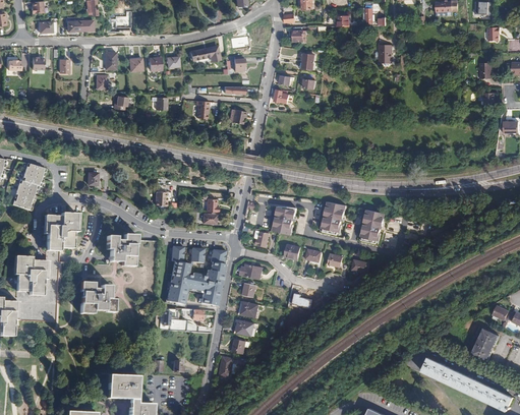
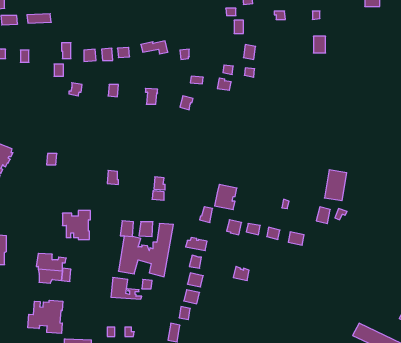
building: [320,200,344,233] -> none
building: [359,209,384,242] -> [324,170,347,201]
building: [45,216,74,251] -> none
building: none -> [28,300,63,333]

